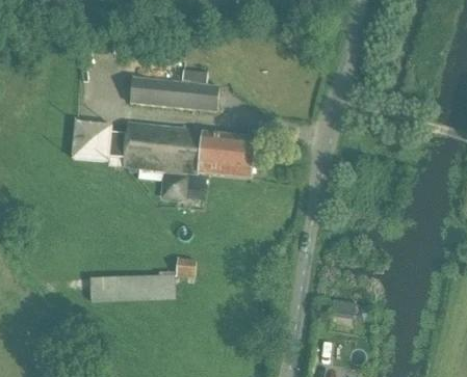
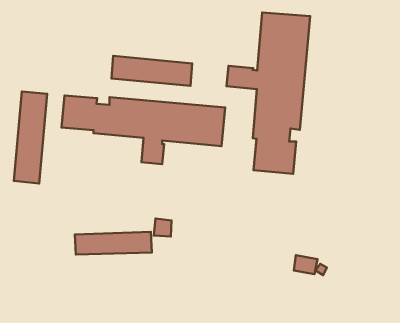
building: none -> [227,12,310,174]
building: none -> [14,91,47,183]

